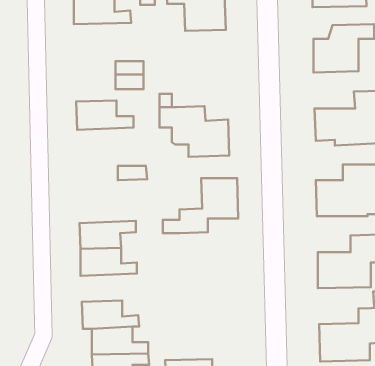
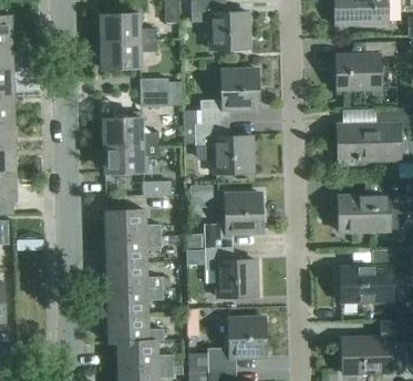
building: none -> [100,41,156,69]
building: none -> [199,70,258,124]
building: none -> [103,144,158,173]
building: none -> [104,210,161,238]
building: none -> [204,247,257,297]
building: none -> [106,288,163,316]
building: none -> [189,318,265,373]

